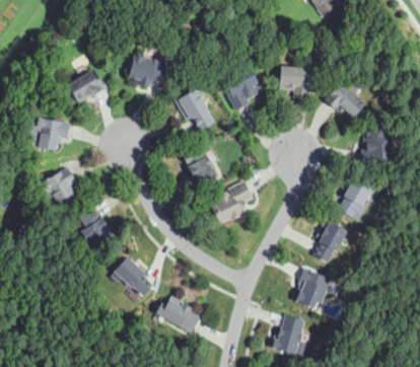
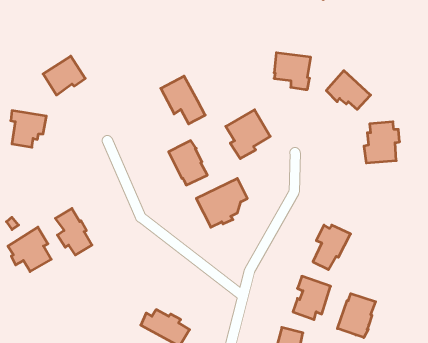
building: [125,54,168,88] -> none
building: [223,66,264,111] -> [226,110,270,159]
building: [41,166,80,207] -> [8,227,51,272]
building: [338,176,372,220] -> none
building: [110,255,153,296] -> none
building: none -> [337,294,376,338]

